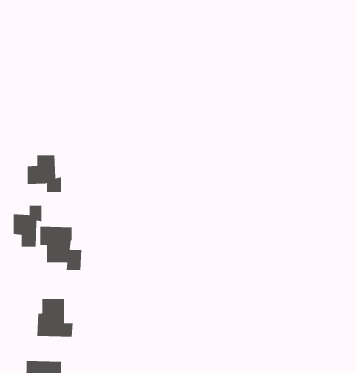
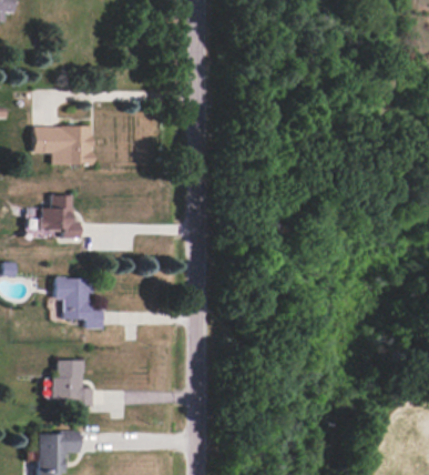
building: none -> [32,125,92,165]
building: [13,205,42,248] -> none

